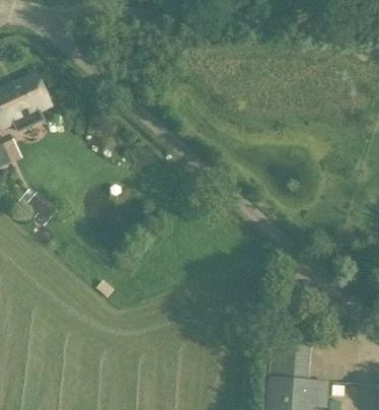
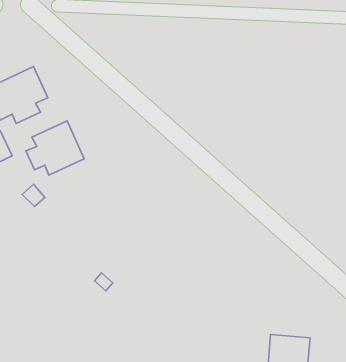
building: none -> [26,121,84,175]

